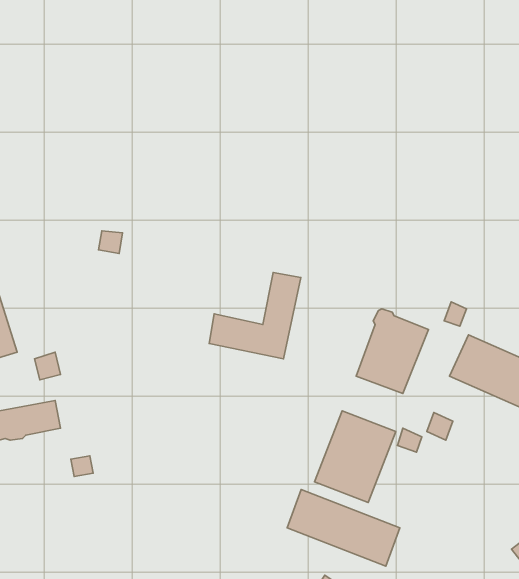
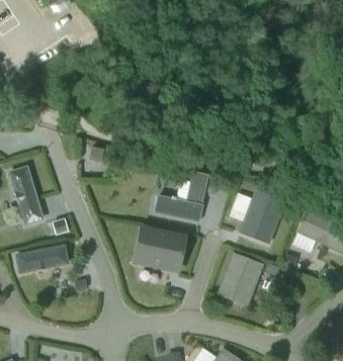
building: none -> [136,230,182,268]
building: [287,489,400,566] -> none

